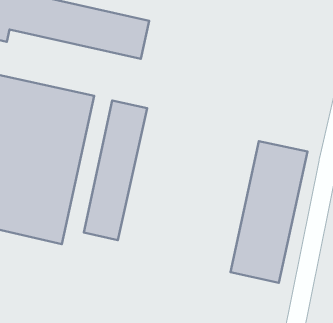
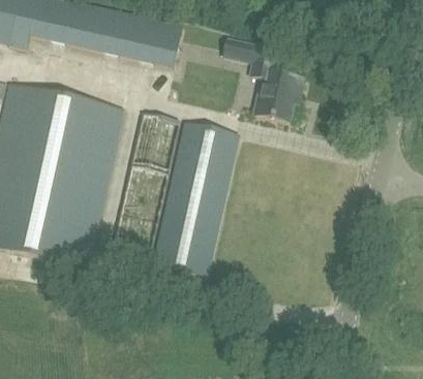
building: none -> [223,37,303,120]
building: [230,141,307,283] -> [154,121,238,275]

